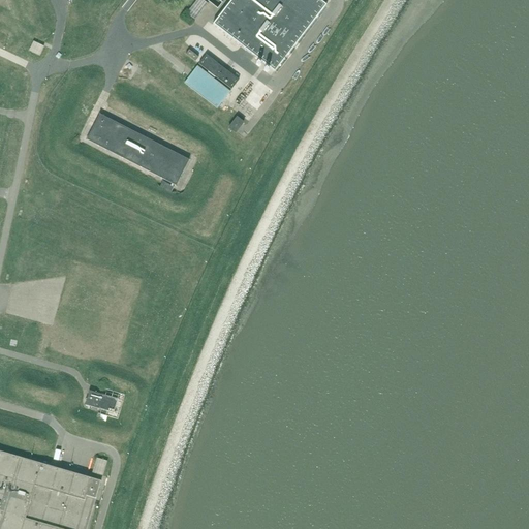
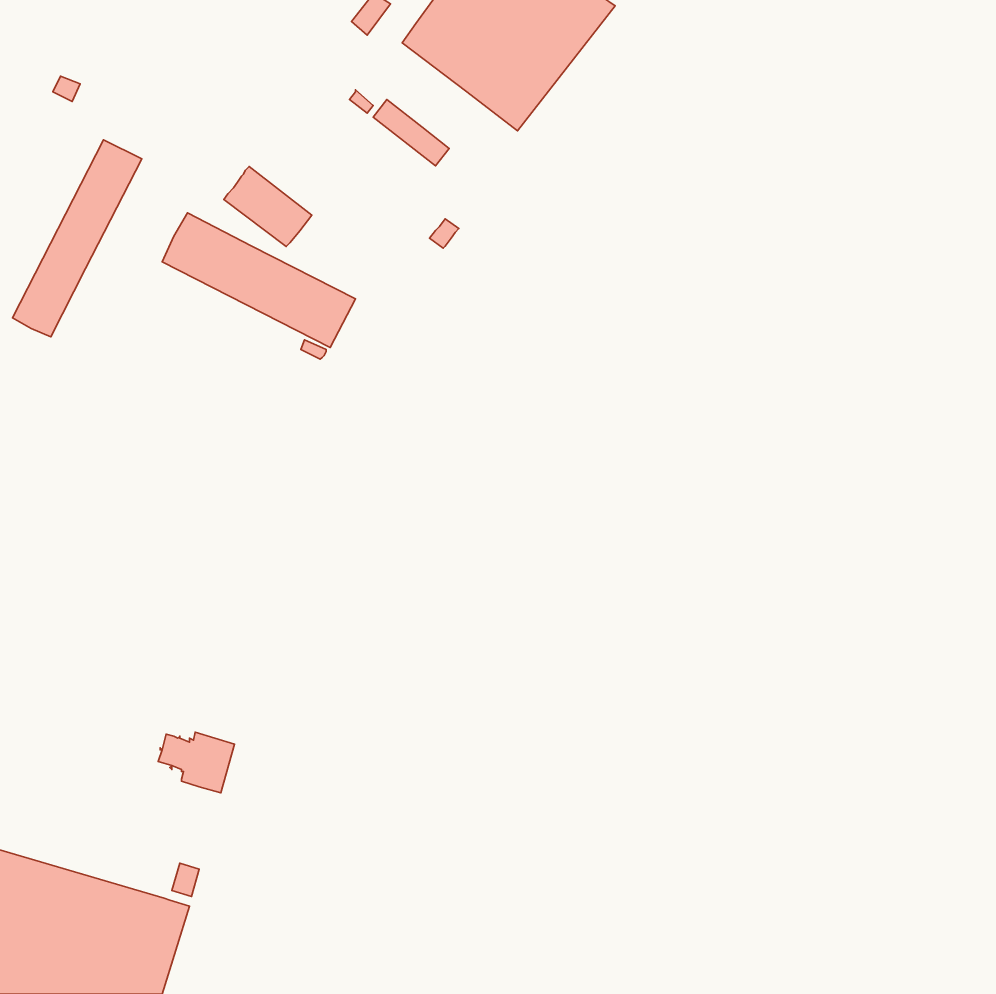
building: [183,64,229,106] -> [224,166,312,247]
building: none -> [13,140,142,337]

